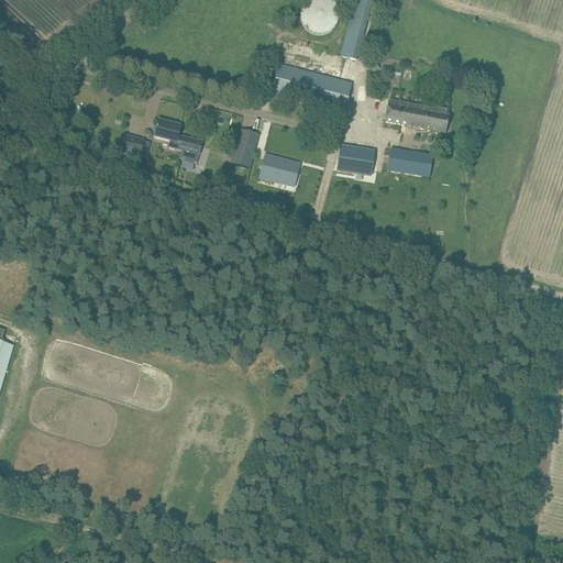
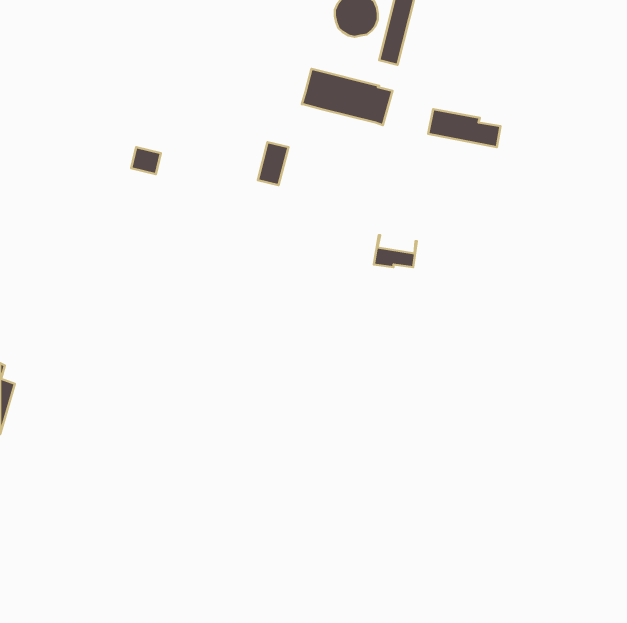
building: [154,118,202,161] -> none
building: [336,143,375,172] -> [374,235,417,267]
building: [387,146,432,175] -> none
building: [258,152,298,181] -> none

